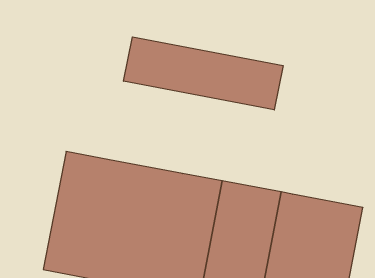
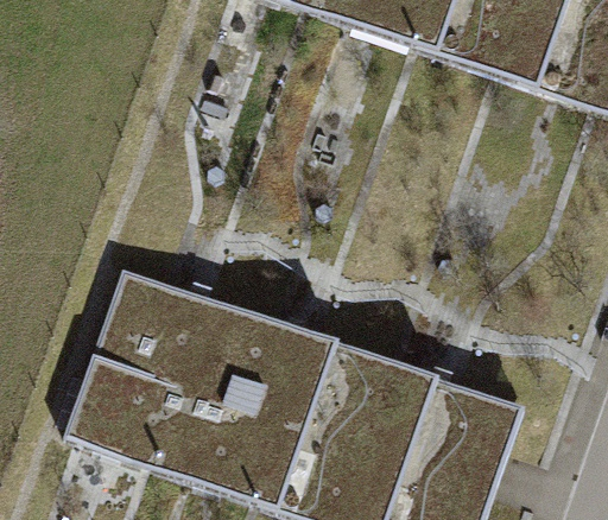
building: [124,37,283,110] -> none

